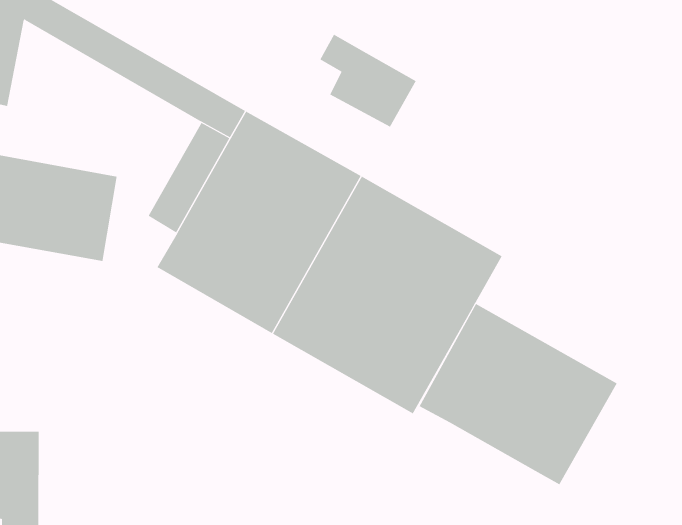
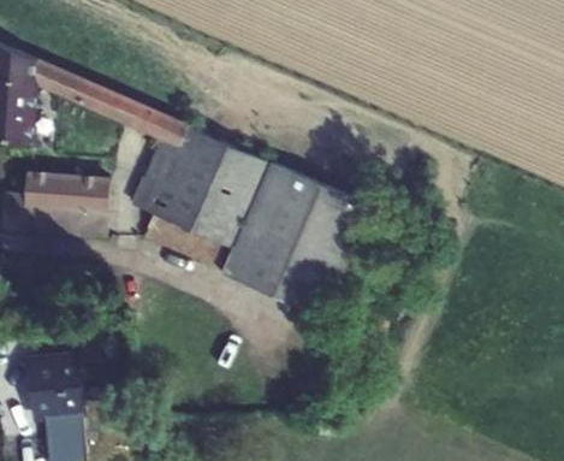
building: [320,34,417,127] -> none
building: [419,303,618,485] -> none

